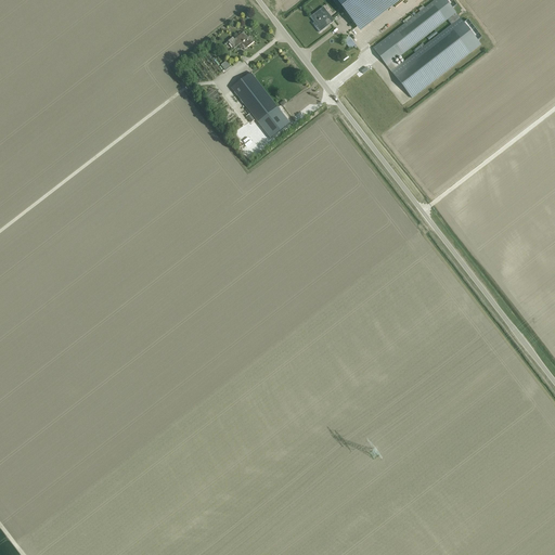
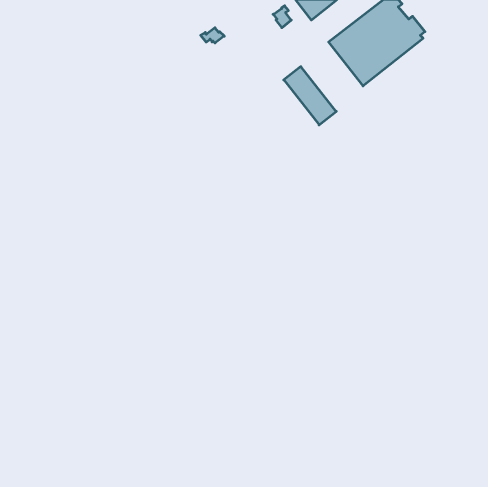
building: [231,72,291,138] -> [284,67,336,125]

